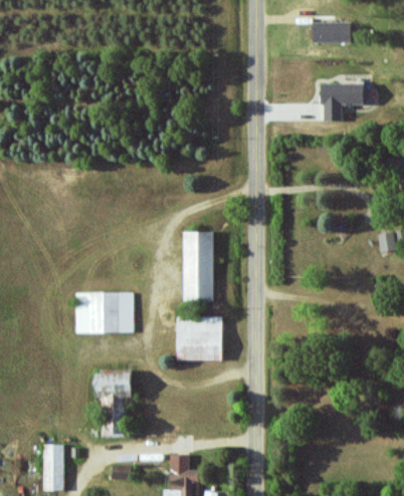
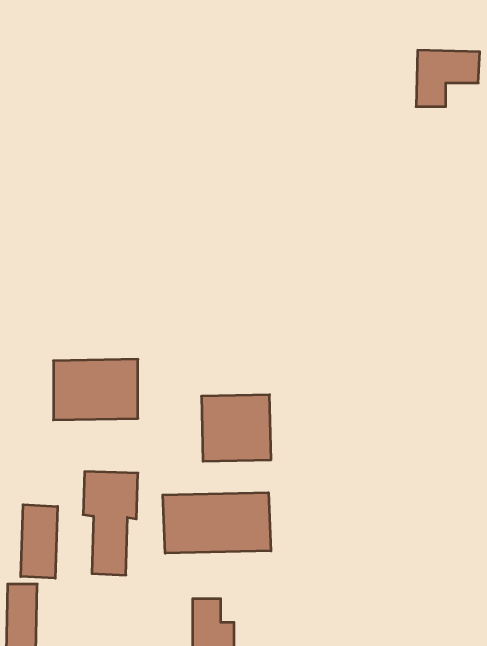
building: [183,232,213,301] -> none
building: none -> [163,493,271,553]
building: none -> [21,505,58,578]

